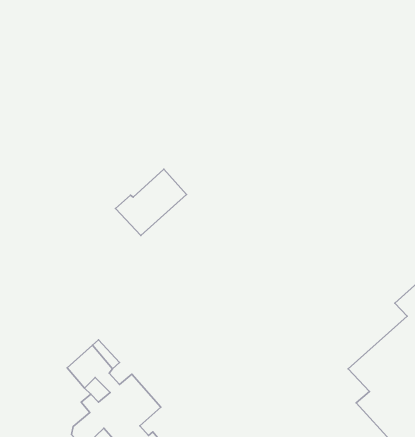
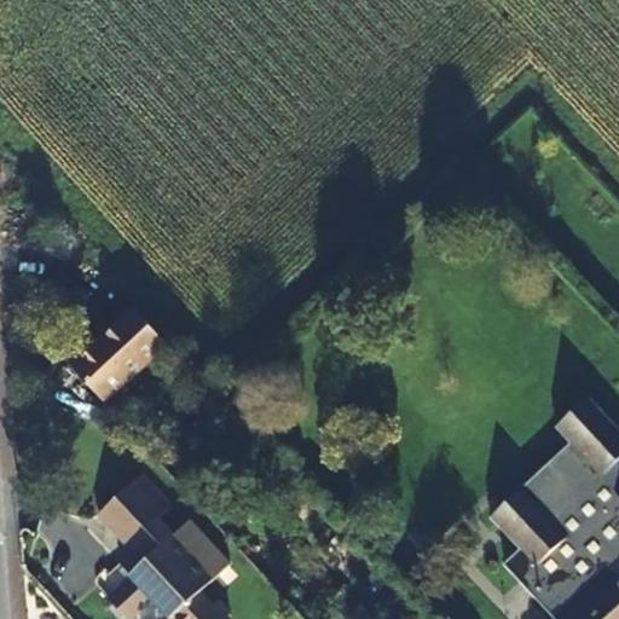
building: [116,169,187,236] -> [68,310,166,401]

